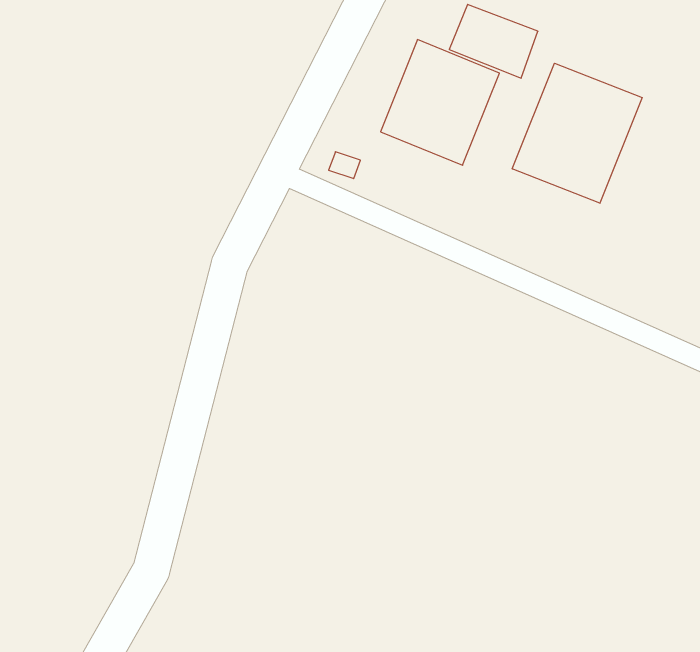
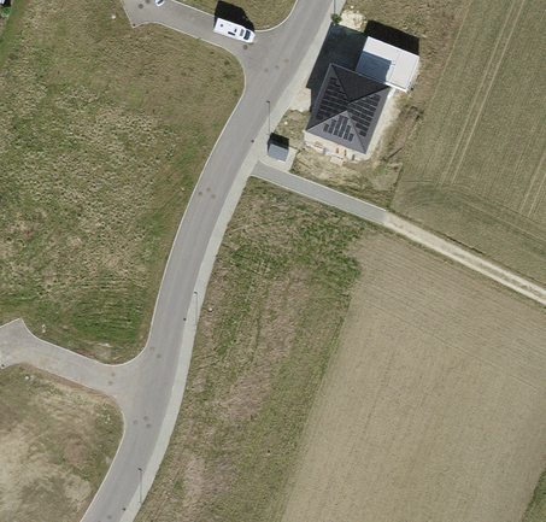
building: [512,63,642,203] -> none

